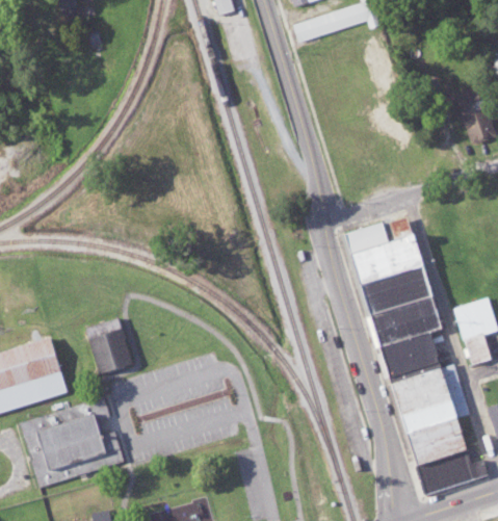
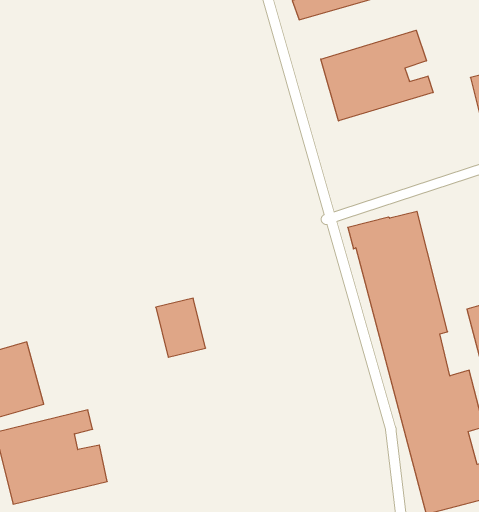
building: none -> [321,30,433,121]
building: [86,318,132,372] -> [156,298,206,357]

